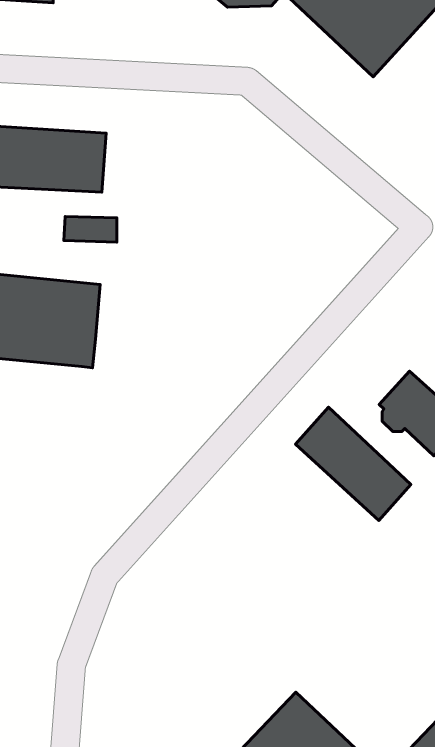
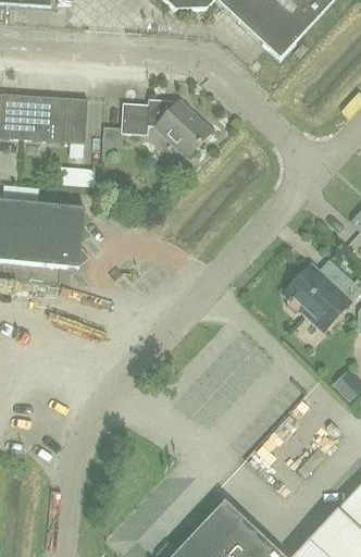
building: none -> [103,99,213,156]
building: [296,407,411,521] -> none

